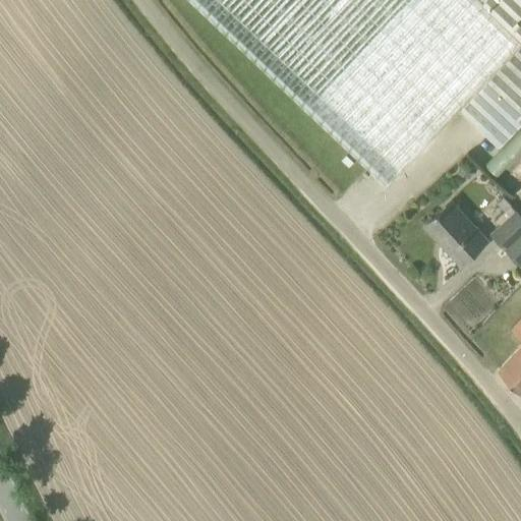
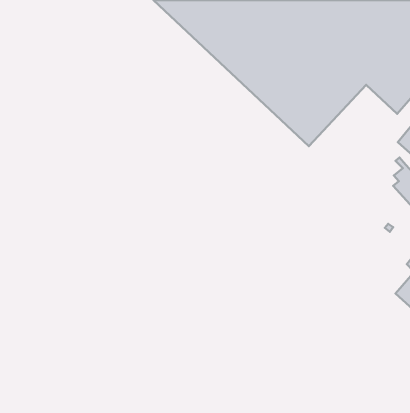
building: [429,201,490,264] -> none

